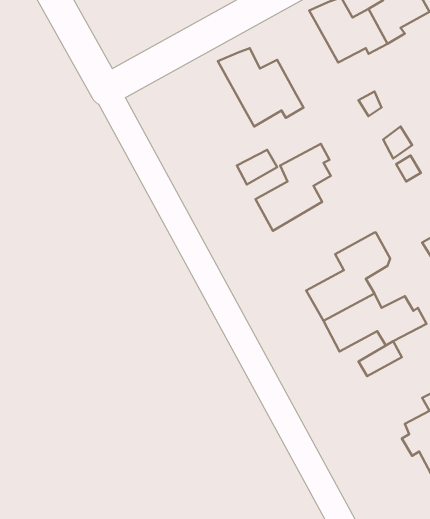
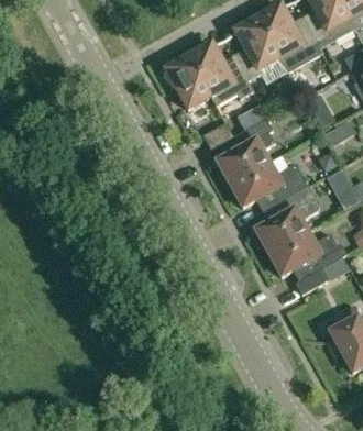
building: none -> [233,15,287,81]
building: none -> [163,54,210,107]
building: none -> [230,161,307,205]

